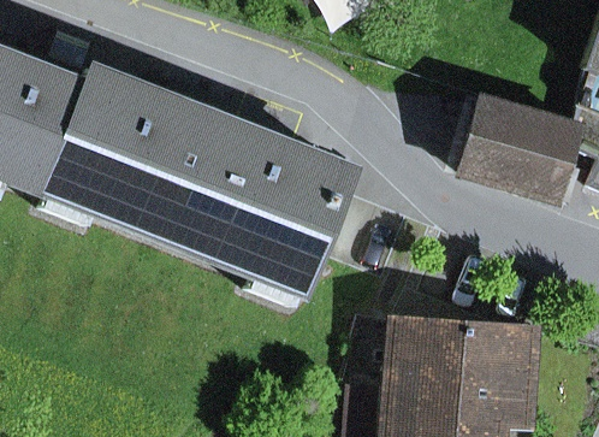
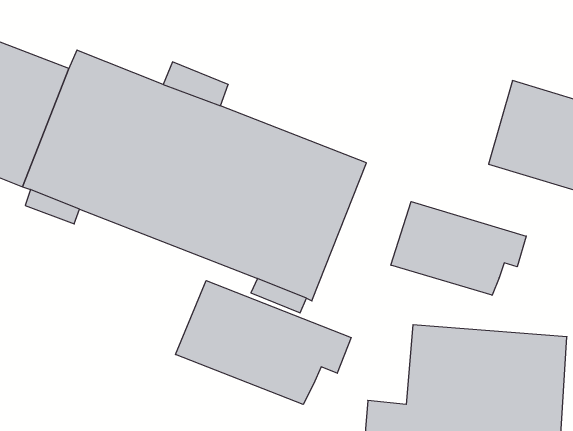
building: none -> [391,202,526,295]
building: none -> [176,281,351,404]

